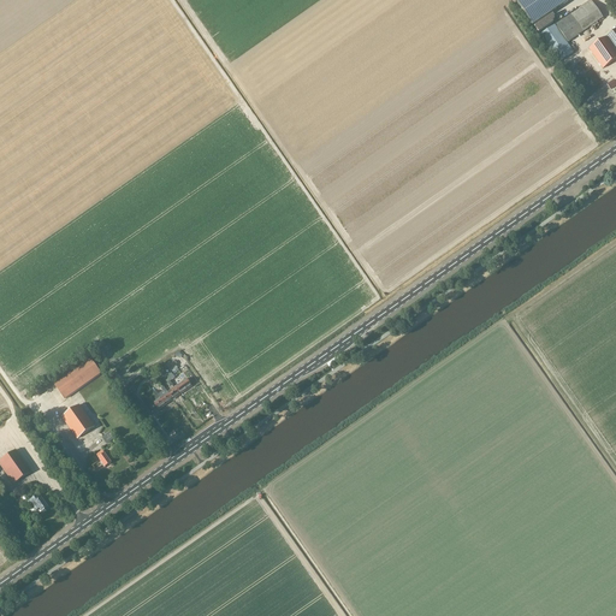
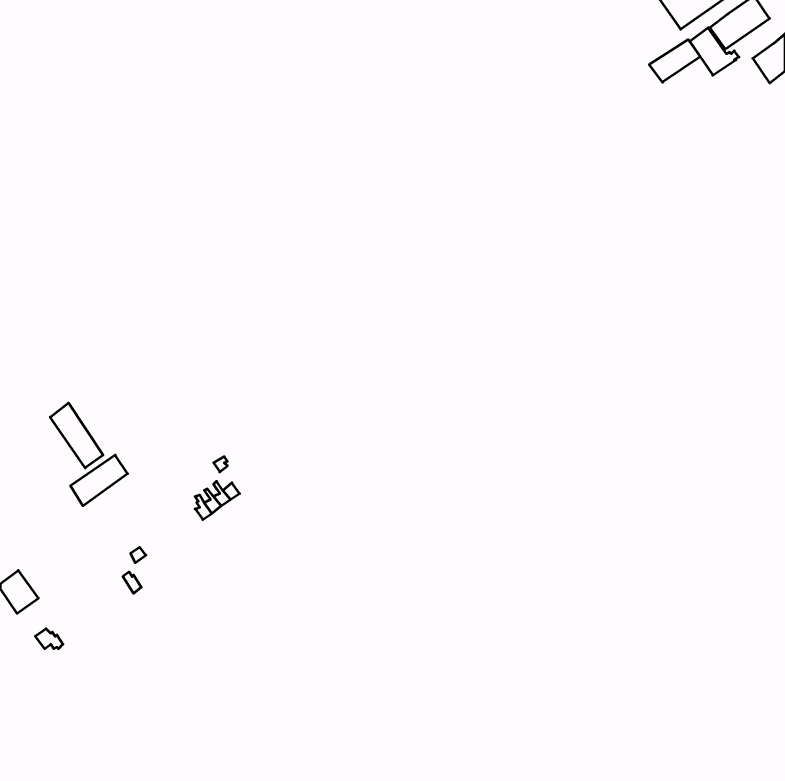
building: none -> [649,40,700,82]
building: none -> [50,403,103,468]
building: [61,402,94,436] -> none

